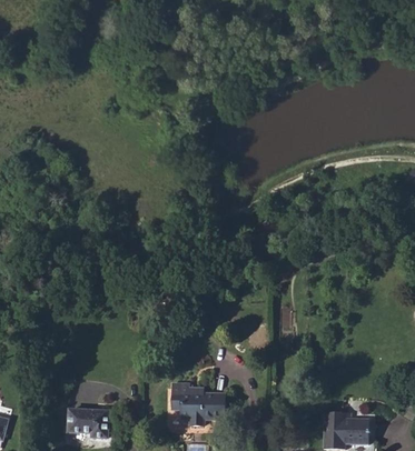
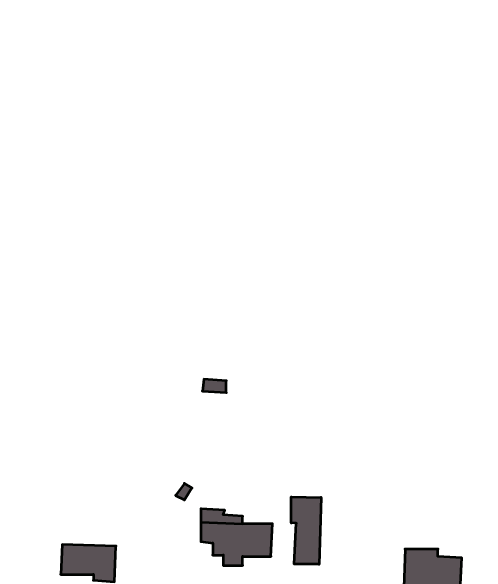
building: none -> [291,497,321,564]

